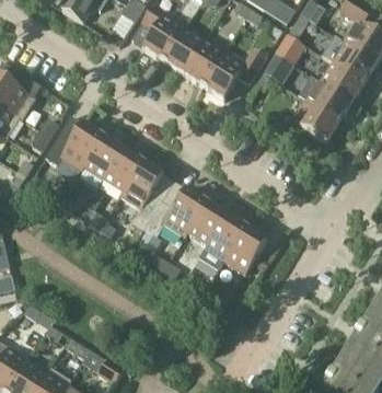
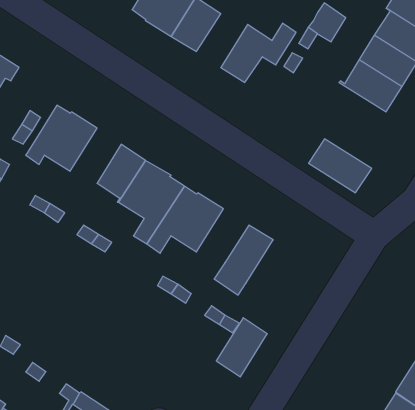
building: [184,42,225,85] -> none
building: [287,97,338,141] -> [309,139,372,193]
building: [81,135,123,180] -> none
building: [184,200,227,244] -> none
building: [224,226,266,274] -> [216,318,267,377]

